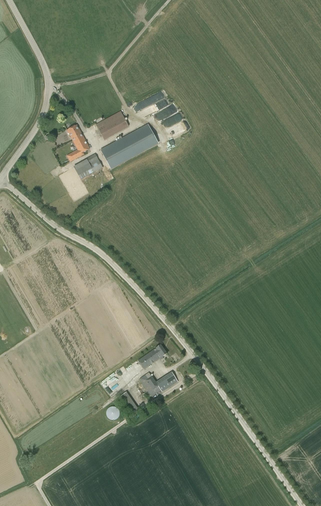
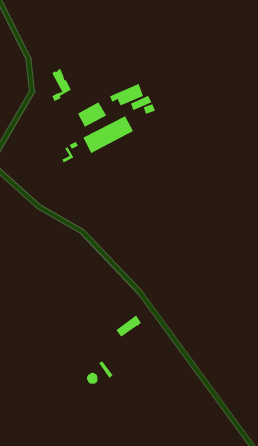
building: [67,124,89,161] -> [51,68,72,102]
building: [139,372,178,396] -> none

